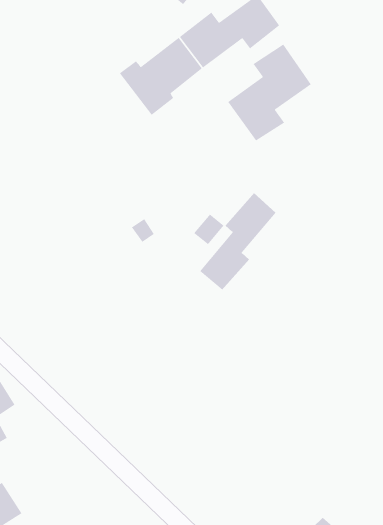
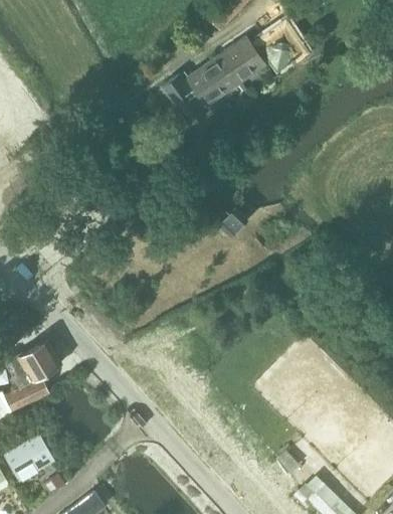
building: [227,44,312,141] -> none
building: [199,192,277,290] -> none

